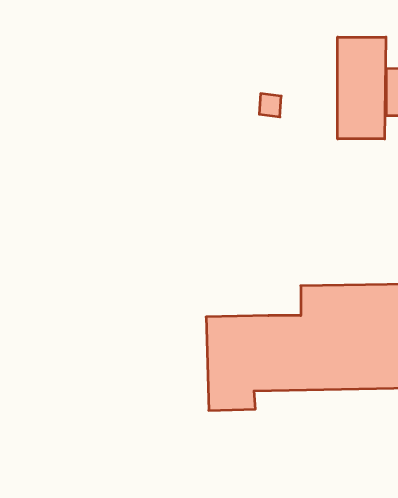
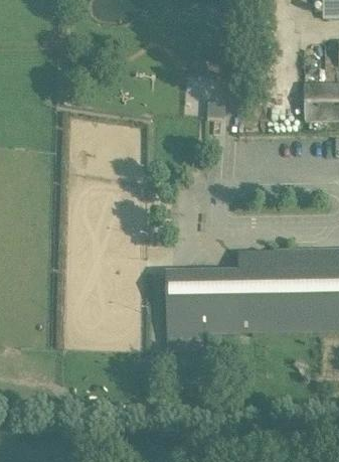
building: [338,37,386,139] -> none

